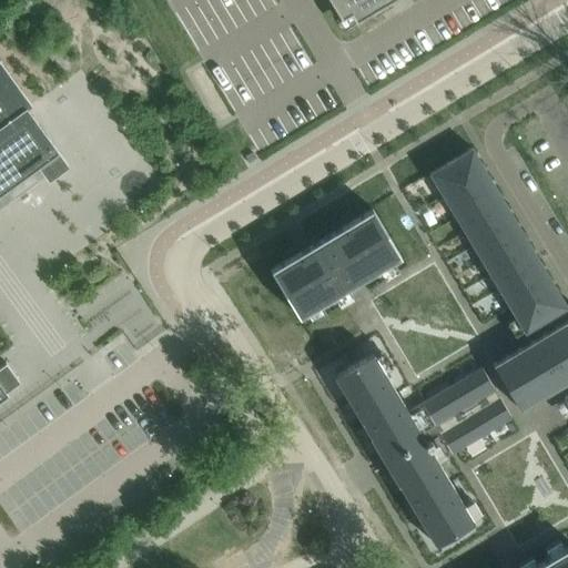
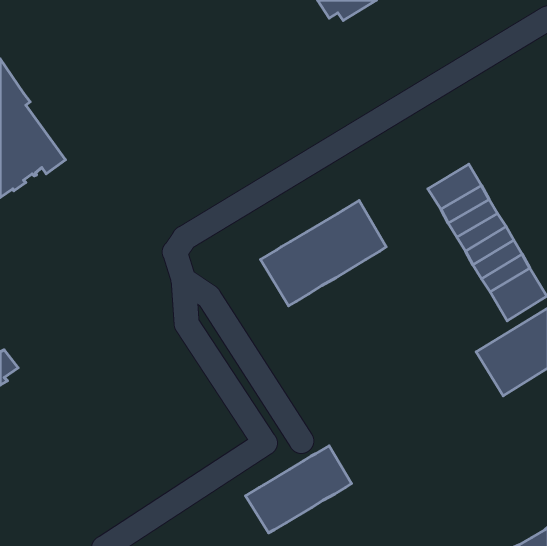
building: [430,150,486,197] -> none
building: [335,356,511,546] -> none
building: none -> [246,446,352,533]

